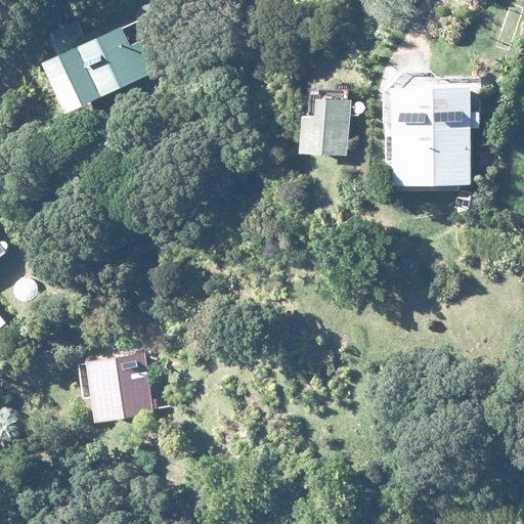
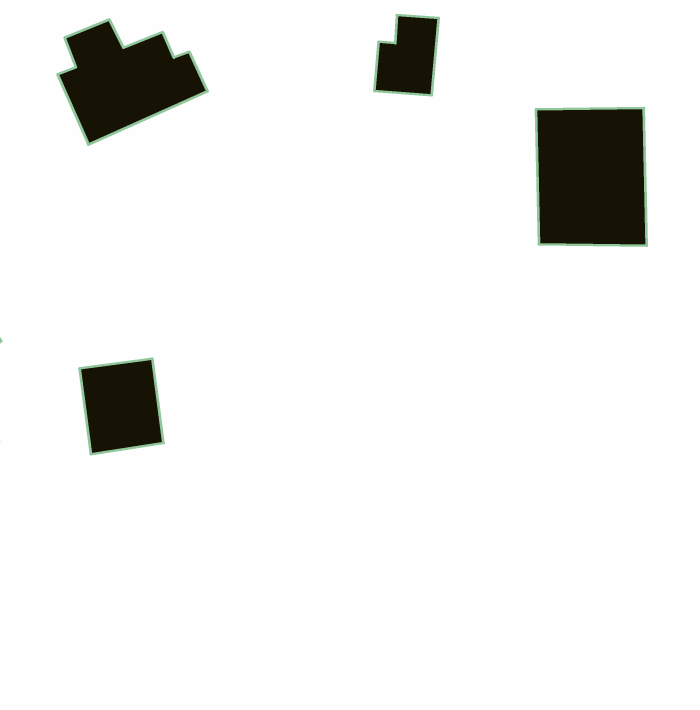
building: [299,97,346,156] -> [374,15,439,95]
building: [86,354,147,424] -> [79,359,164,454]

